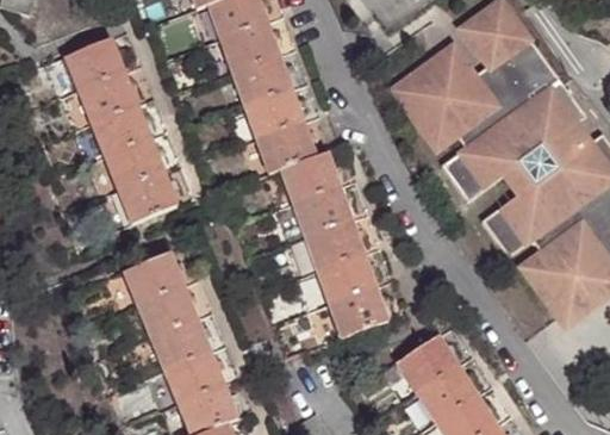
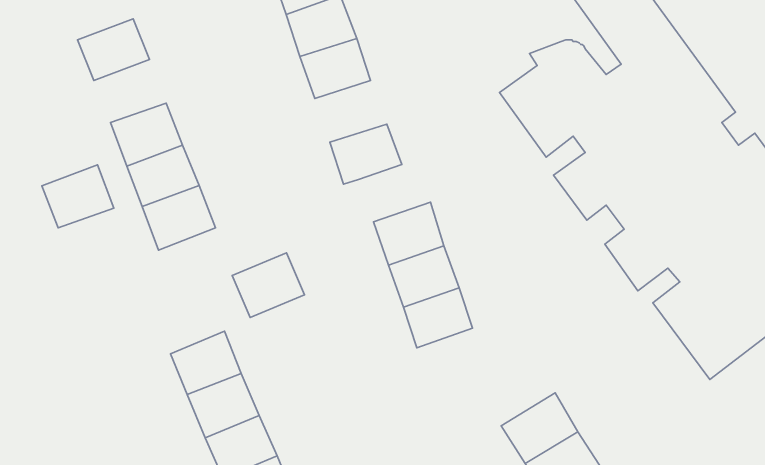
building: [76,72,133,122] -> [42,165,114,228]
building: [251,88,309,137] -> none
building: [286,151,343,200] -> none
building: [123,254,180,305] -> [232,253,304,317]
building: [332,285,388,334] -> none

